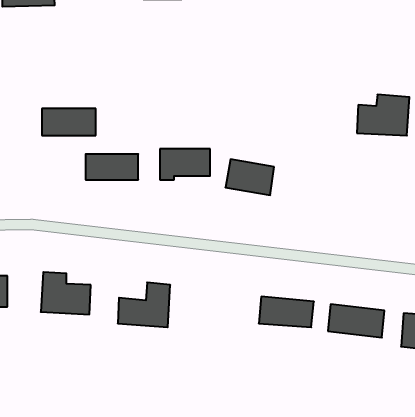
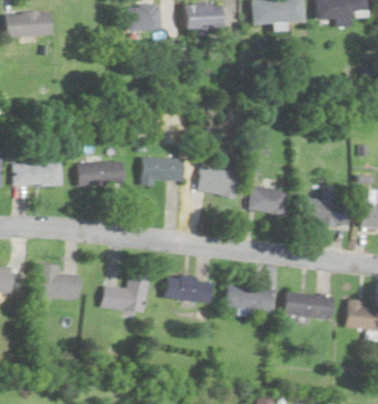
building: [357,95,409,136] -> [307,190,352,225]
building: [42,109,96,135] -> [13,164,59,187]
building: none -> [248,184,289,216]
building: none -> [167,276,212,302]

